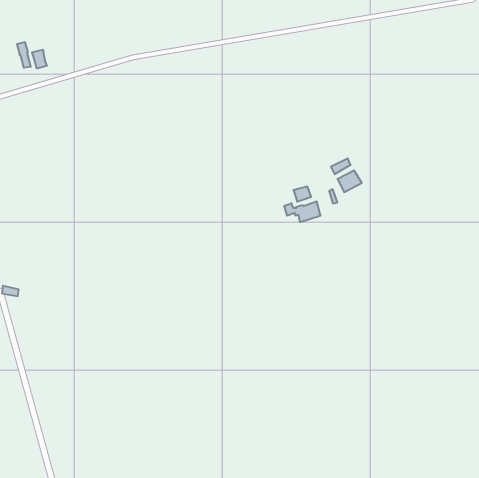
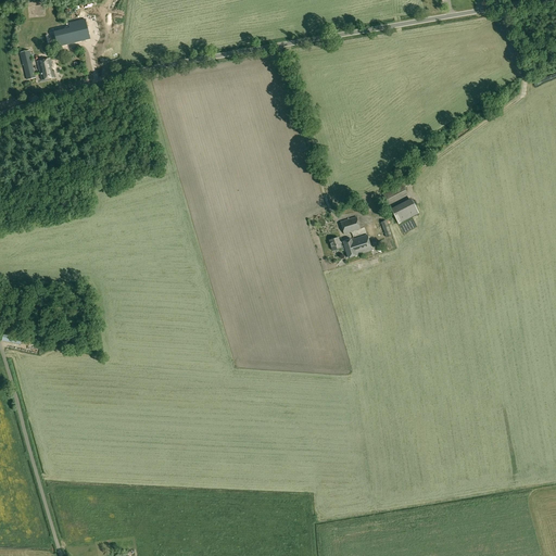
building: none -> [55,18,89,43]

